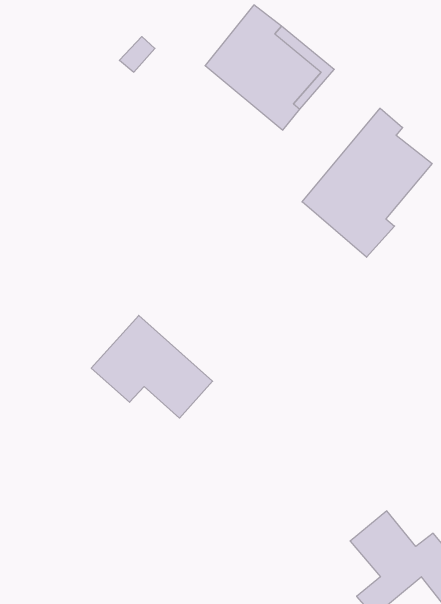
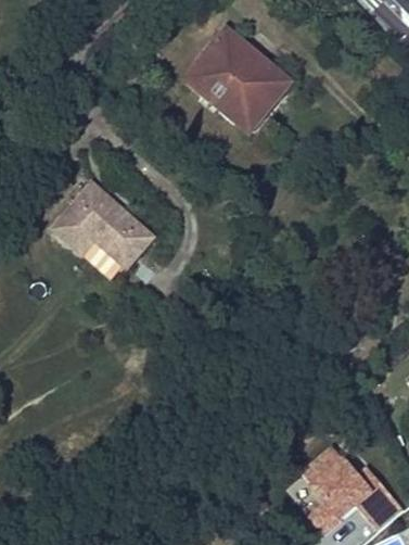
building: [302,108,432,257] -> none
building: [91,315,213,418] -> [51,185,151,269]

